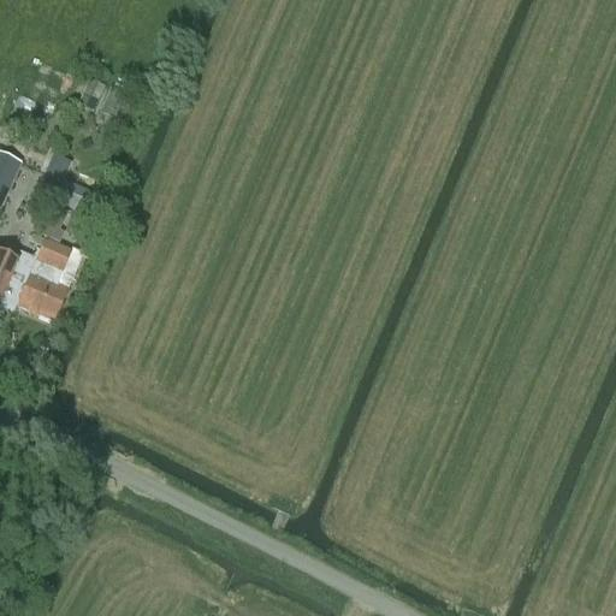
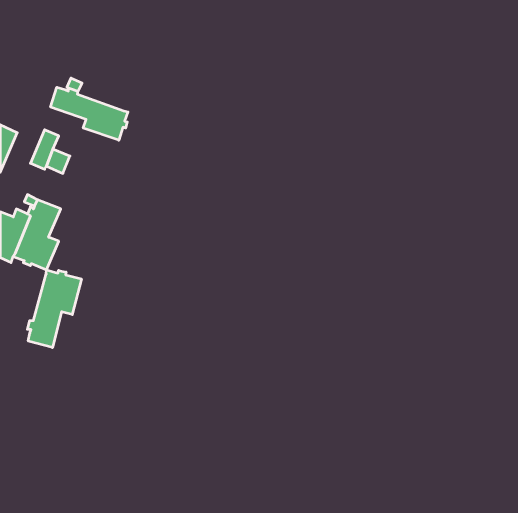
building: none -> [51,87,128,140]
building: none -> [27,270,81,348]

